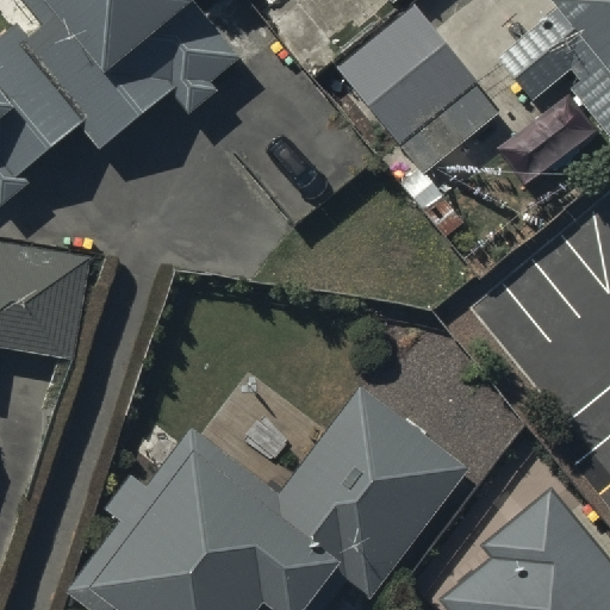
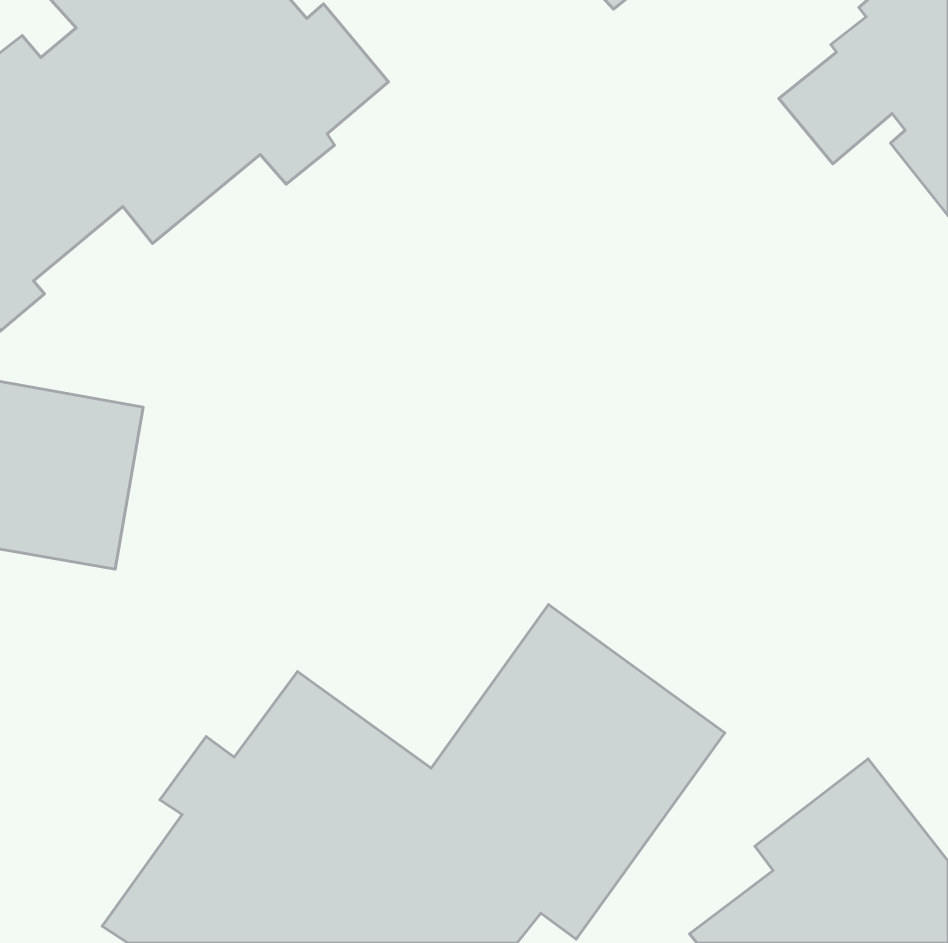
building: [338,10,499,175] -> none

